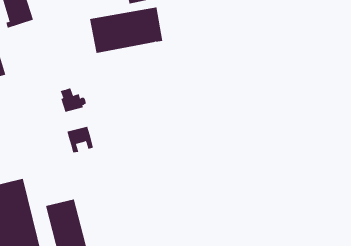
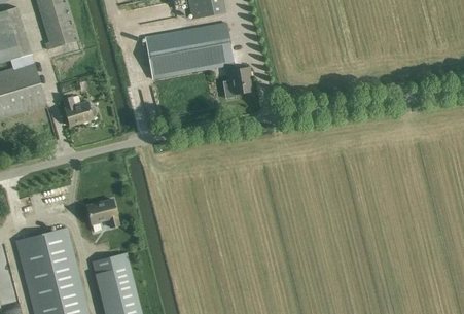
building: none -> [223,64,250,94]
building: [60,88,86,113] -> [63,95,95,125]
building: [66,126,94,153] -> [85,199,118,231]

